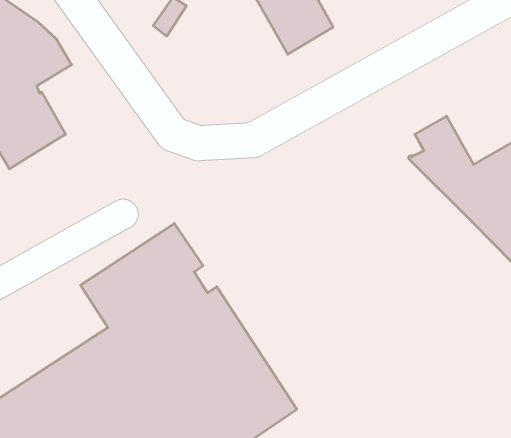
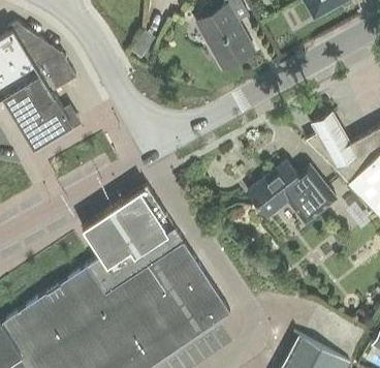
building: none -> [247,162,336,224]

